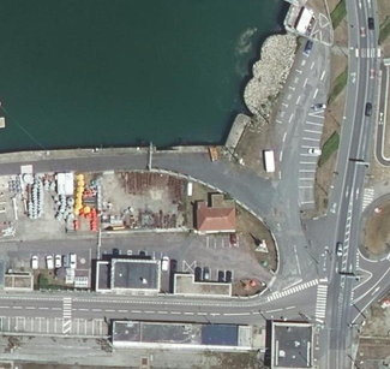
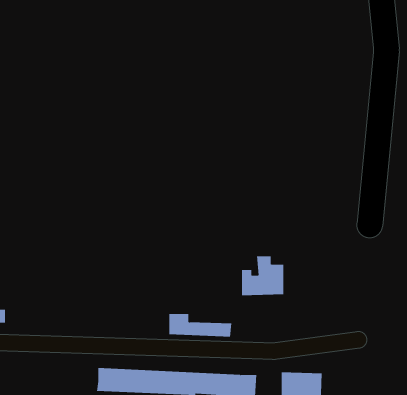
building: [197,196,234,231] -> [241,256,284,296]
building: [94,263,155,294] -> none

